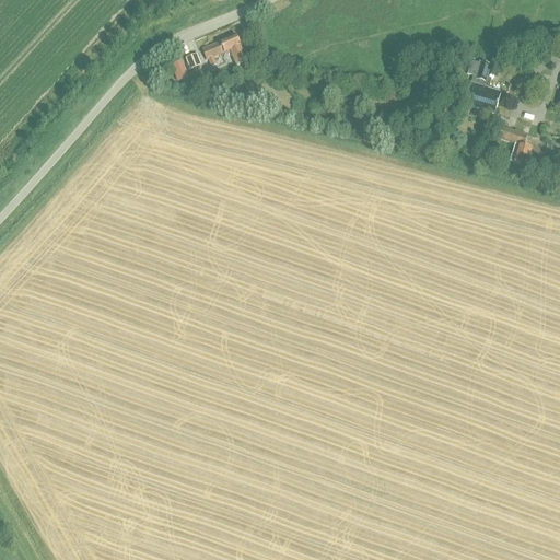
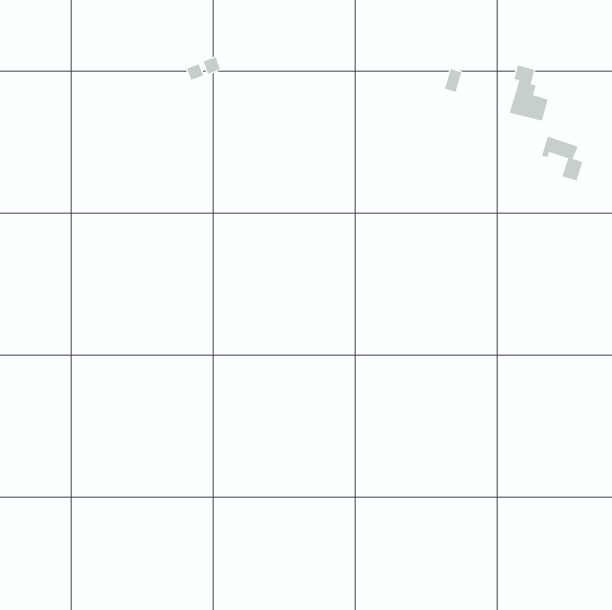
building: [203,33,245,65] -> none

